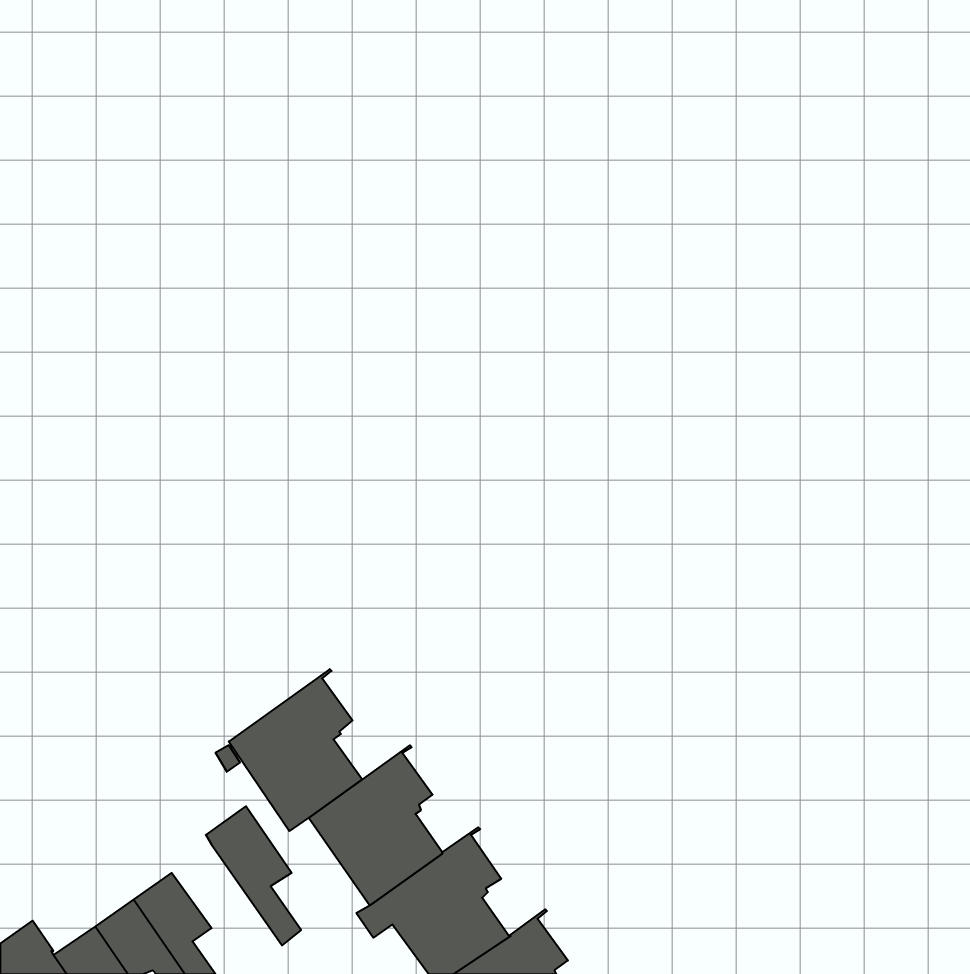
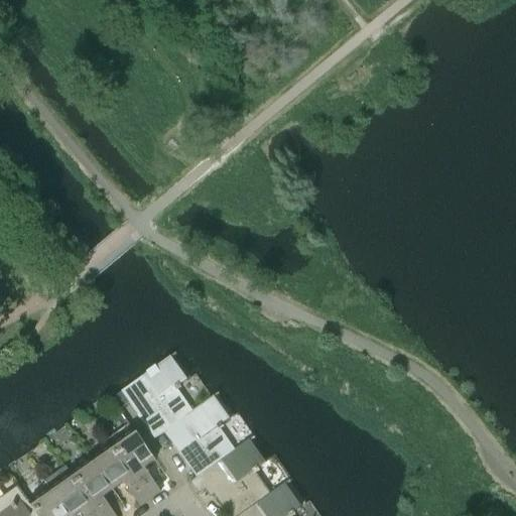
building: none -> [93,446,151,507]

